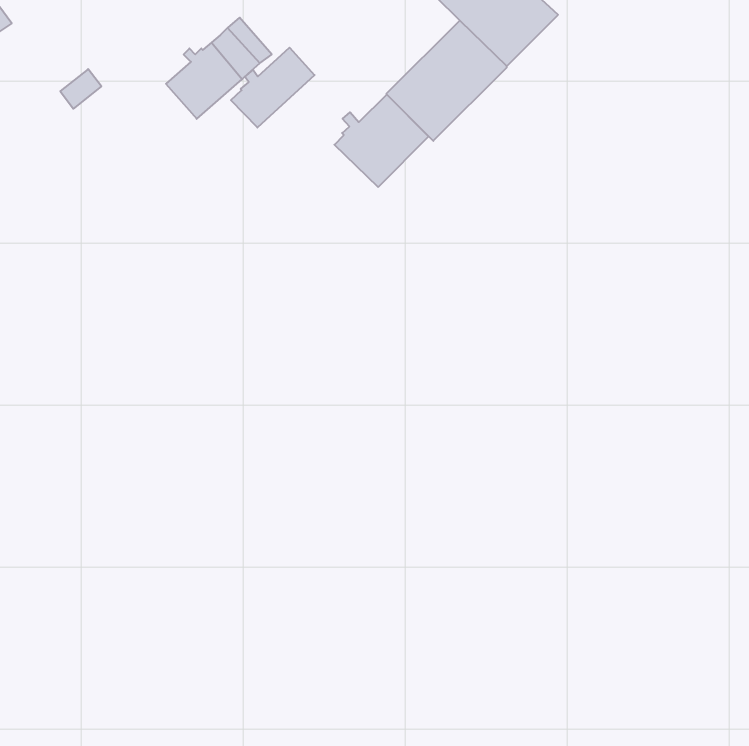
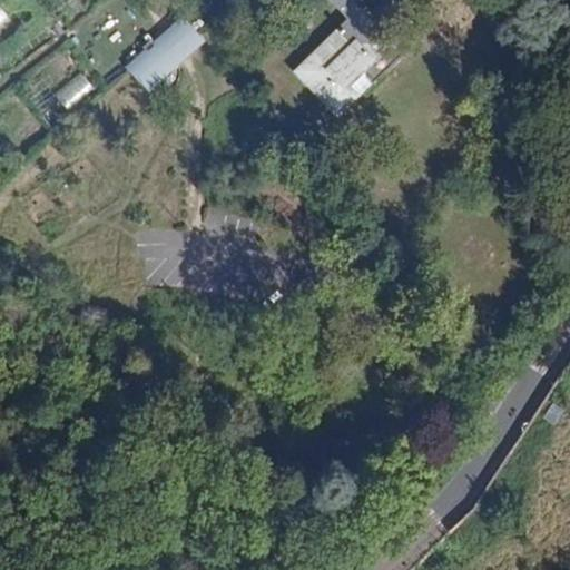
building: [231,48,315,128] -> none
building: [334,94,429,187] -> none

